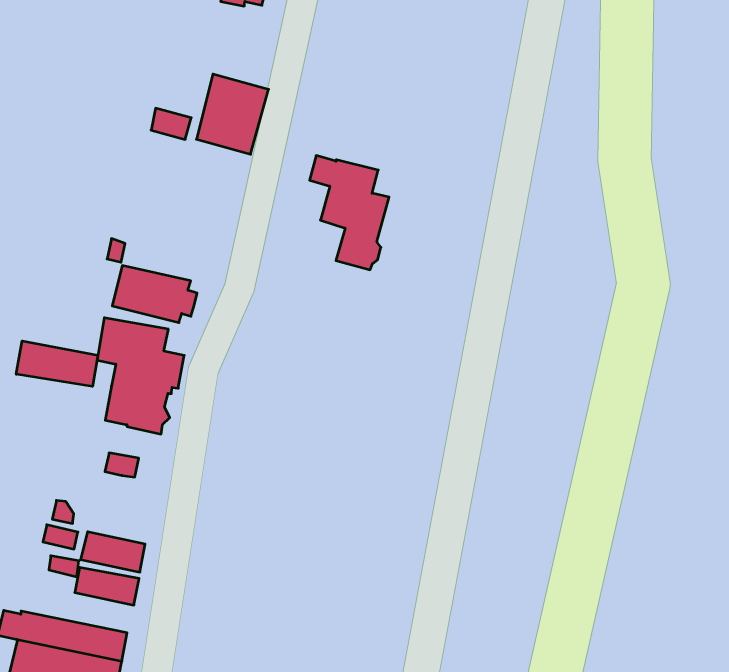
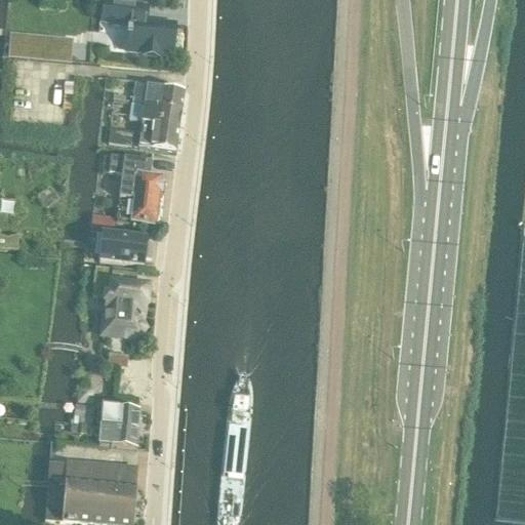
building: none -> [131,79,181,105]
building: [310,156,389,270] -> [107,152,159,220]
building: [16,341,98,386] -> none

